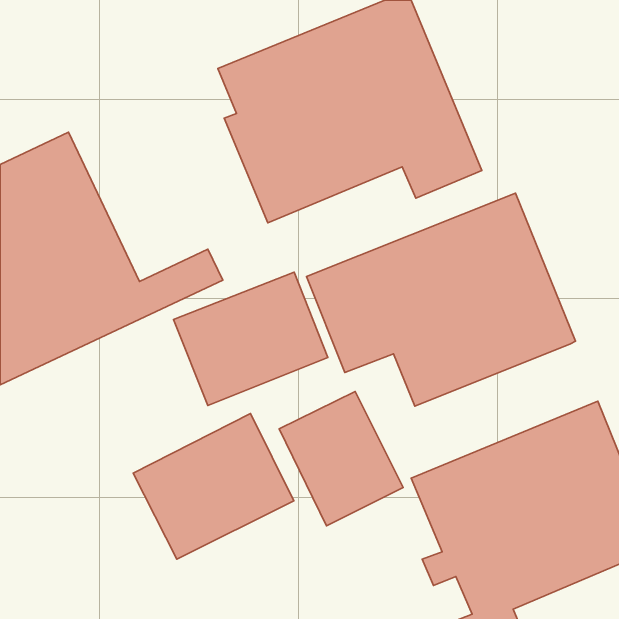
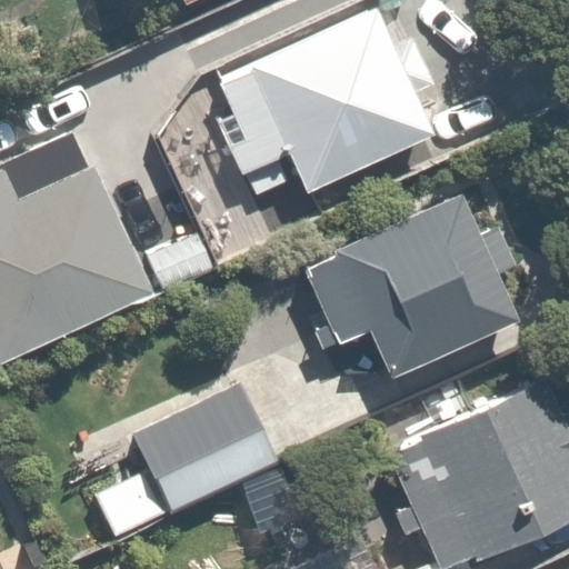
building: [173,272,328,406] -> none
building: [279,391,403,526] -> none

